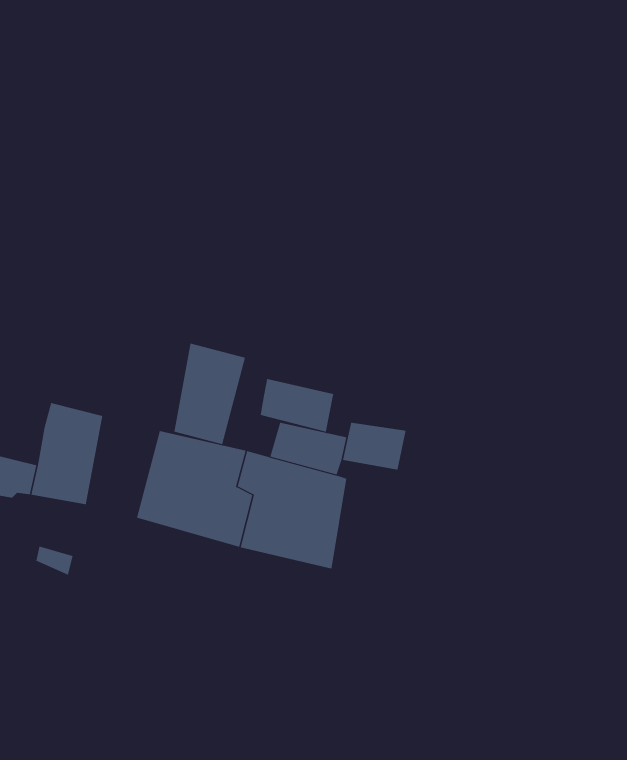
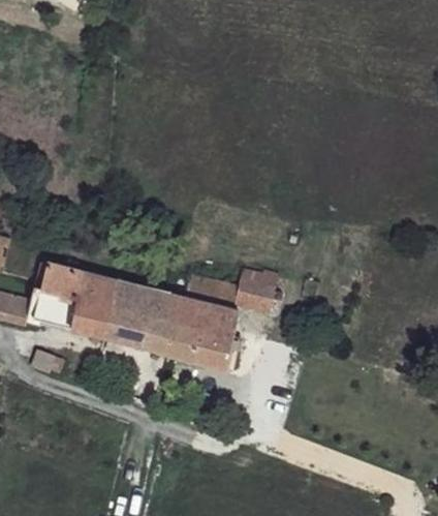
building: [173,343,246,445] -> [73,272,119,336]
building: [260,378,334,433] -> none

